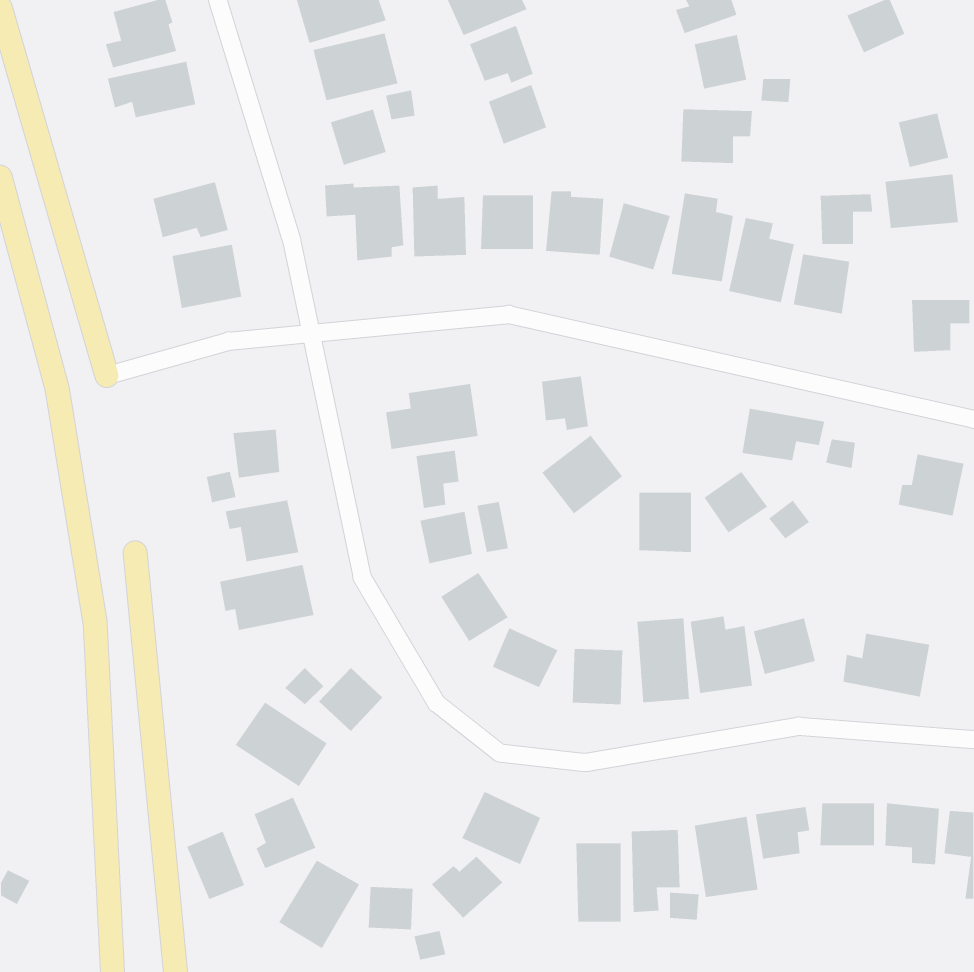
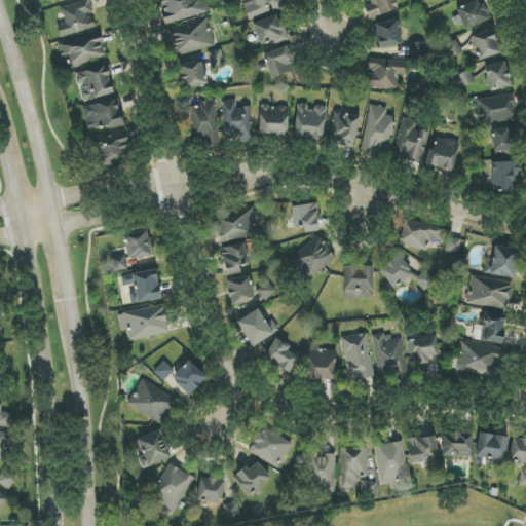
building: none -> [471,28,501,61]
building: none -> [76,66,113,100]
building: [820,193,873,245] -> [492,126,521,154]
building: none -> [467,276,512,308]
building: none -> [481,312,504,342]
building: [186,830,245,900] -> none

